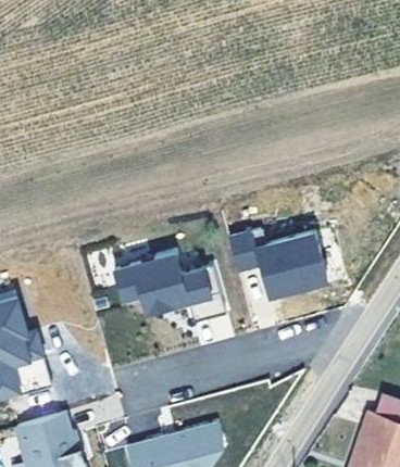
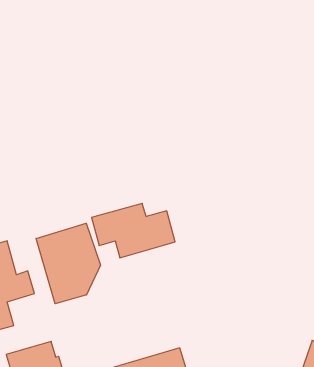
building: [230,231,326,301] -> none
building: none -> [36,223,100,304]

